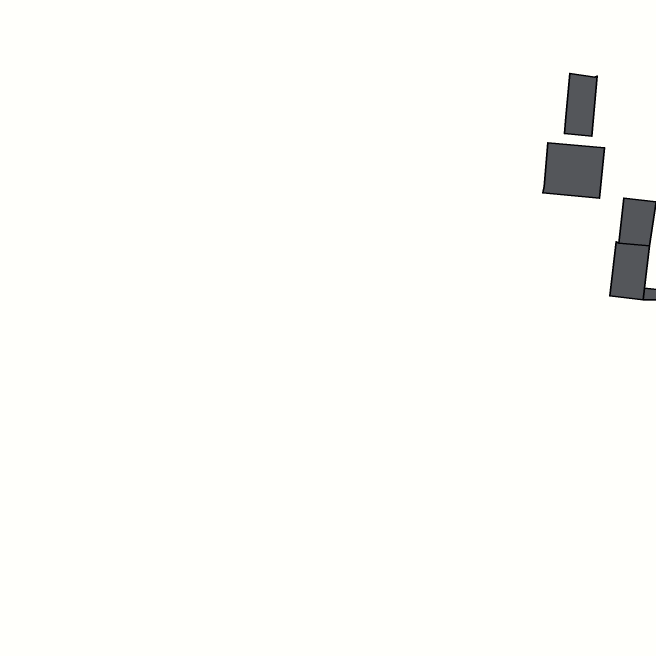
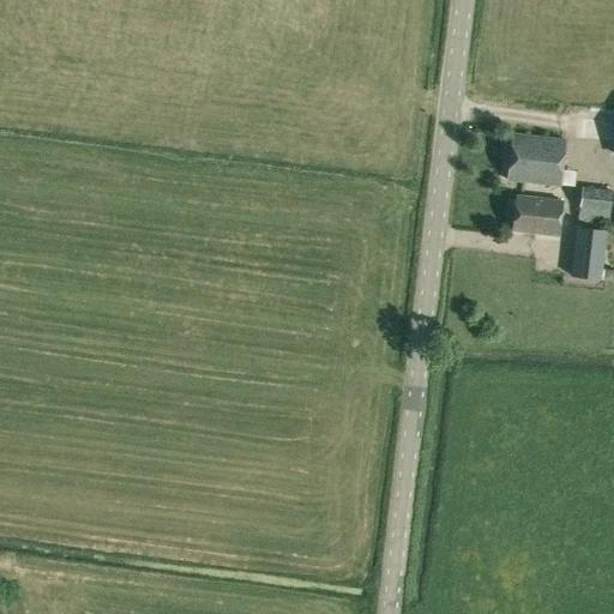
building: [564,74,597,136] -> none
building: none -> [512,194,562,235]

